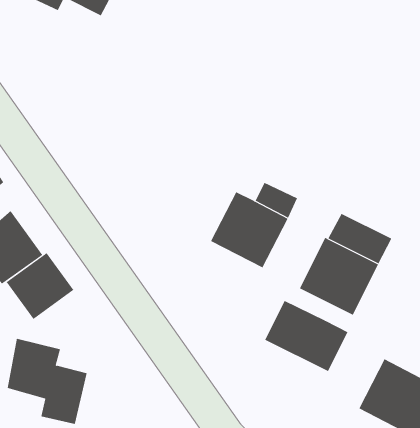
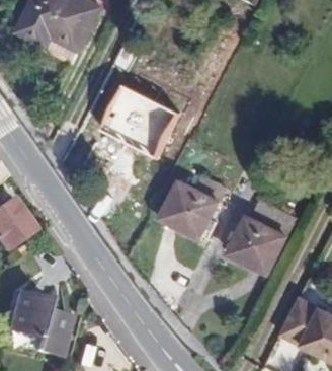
building: none -> [105,85,178,153]
building: [6,252,74,320] -> none
building: [264,300,348,372] -> none

